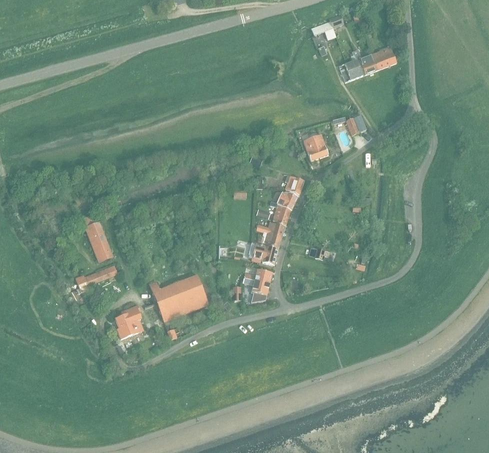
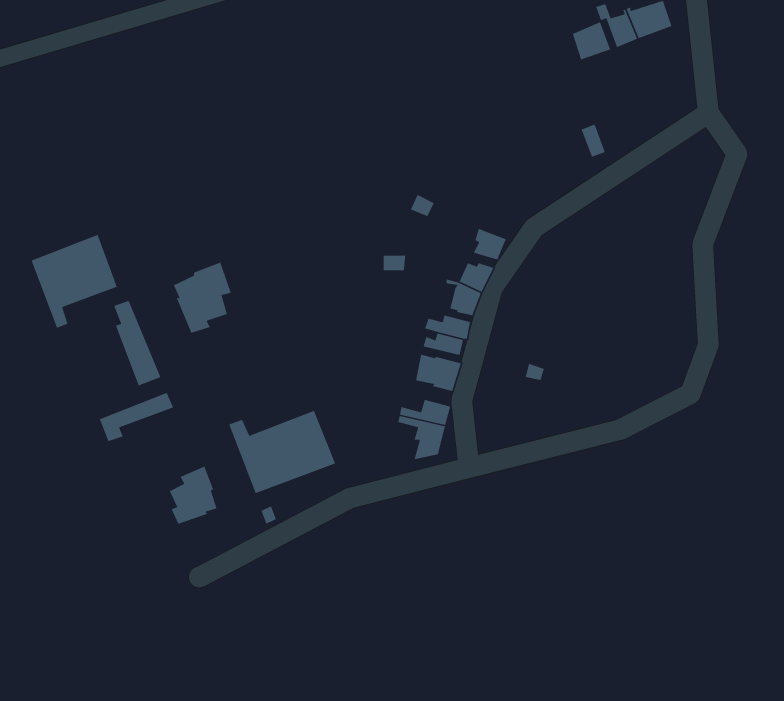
building: [303,133,327,159] -> none
building: none -> [30,234,118,329]
building: none -> [173,261,232,334]

